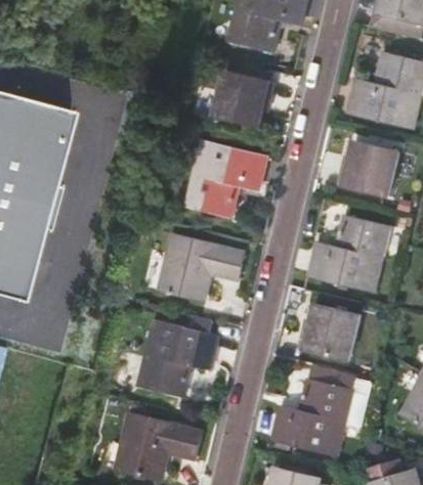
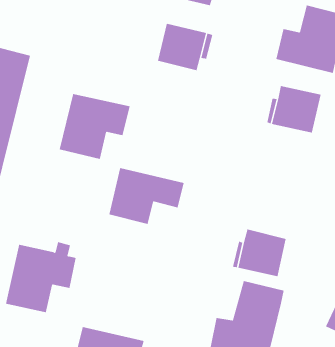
building: [186,142,267,217] -> [59,93,130,159]
building: [310,216,391,292] -> none
building: [138,317,219,398] -> [5,241,76,313]

